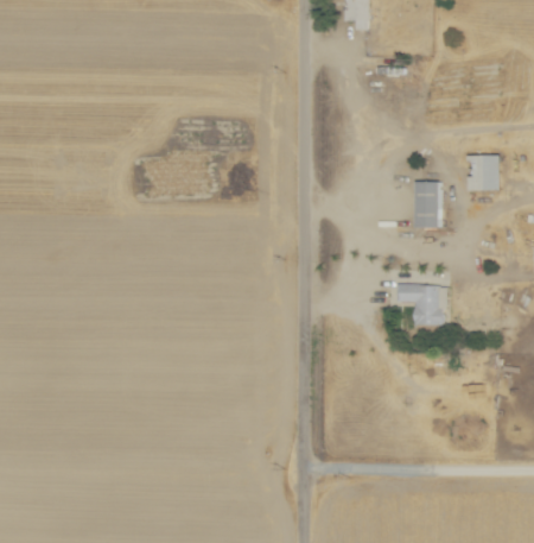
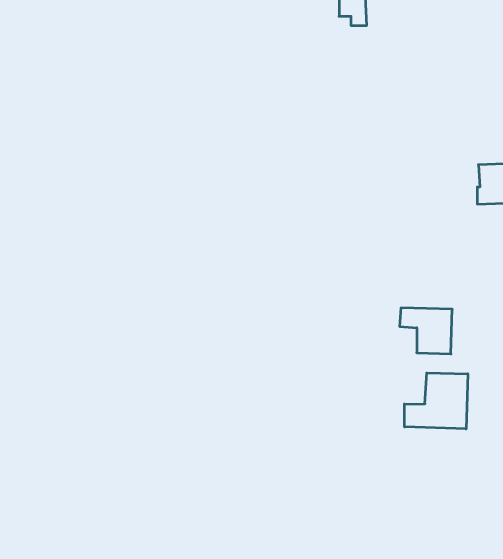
building: [414,181,439,227] -> none
building: none -> [404,373,468,429]

